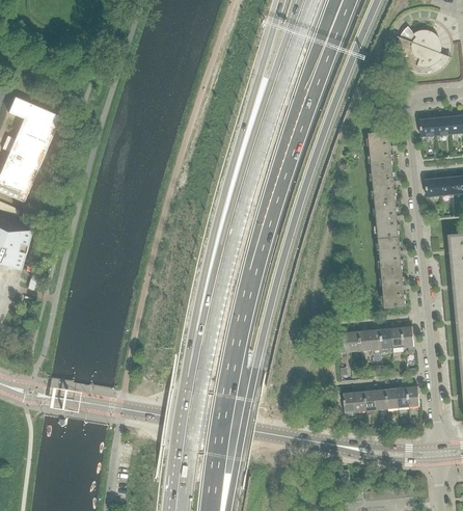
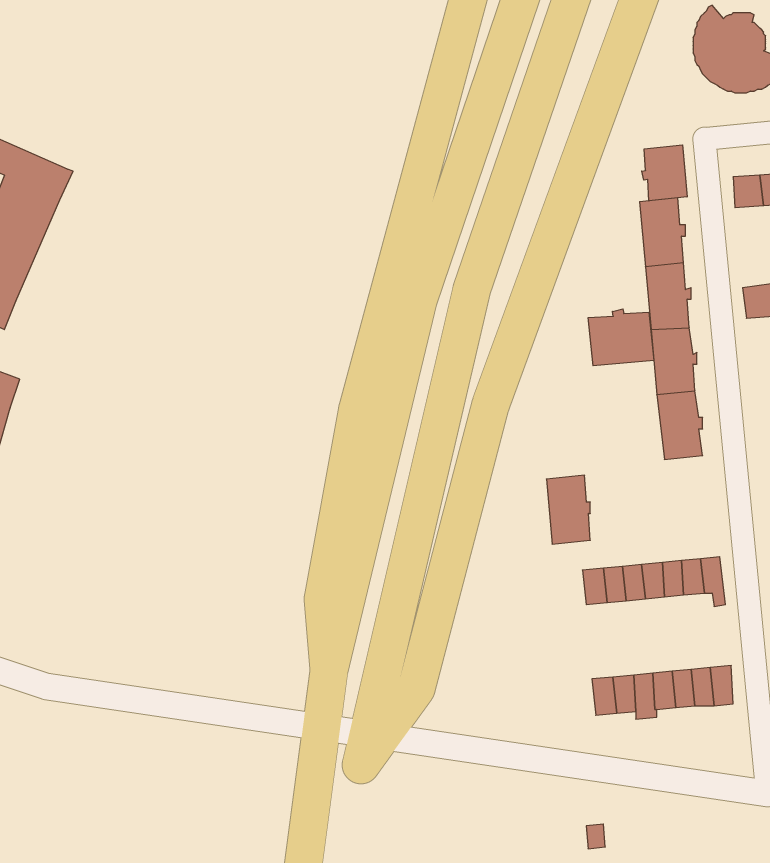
building: none -> [642,145,687,201]
building: none -> [588,309,654,366]
building: [381,271,405,308] -> [546,475,590,544]

